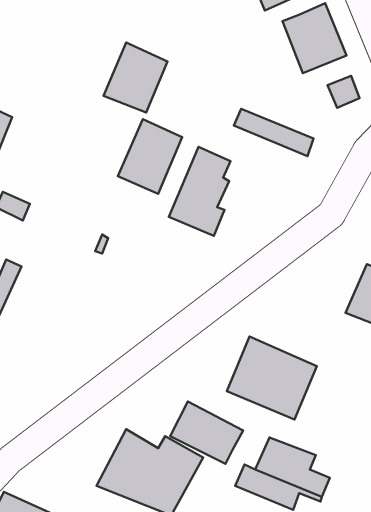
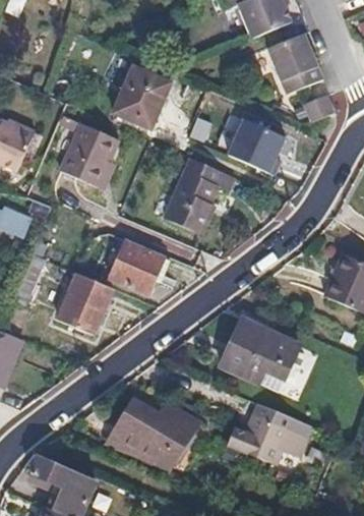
building: [118,119,182,194] -> [63,121,118,185]
building: none -> [108,237,170,293]
building: none -> [55,272,111,334]
building: [170,402,243,464] -> none

